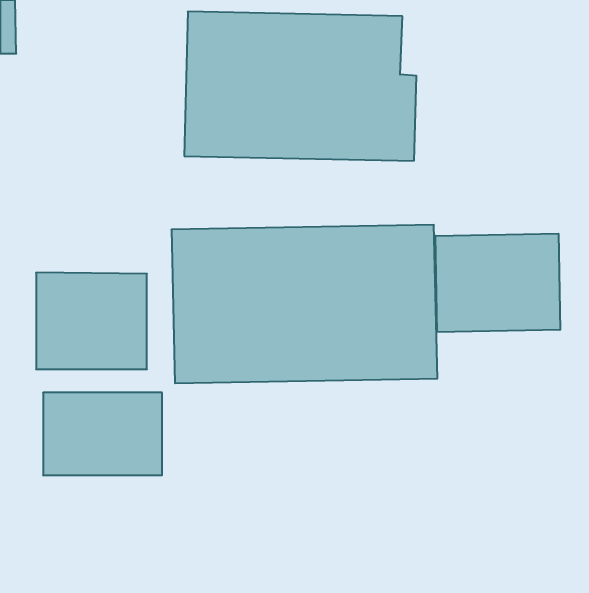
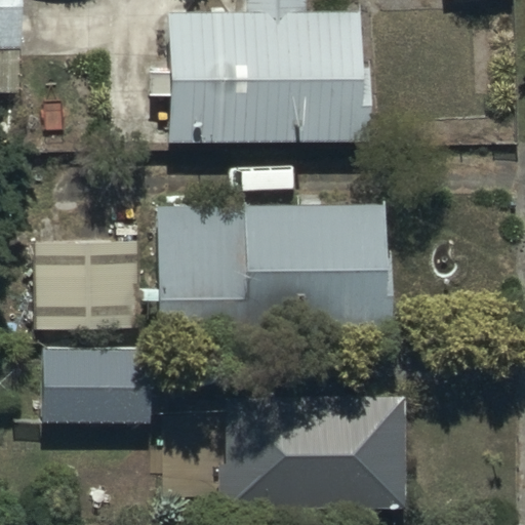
building: [435,234,560,332] -> none
building: none -> [216,393,404,509]

